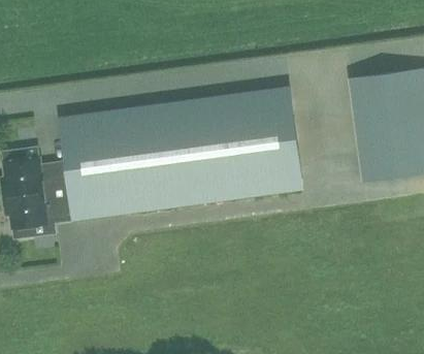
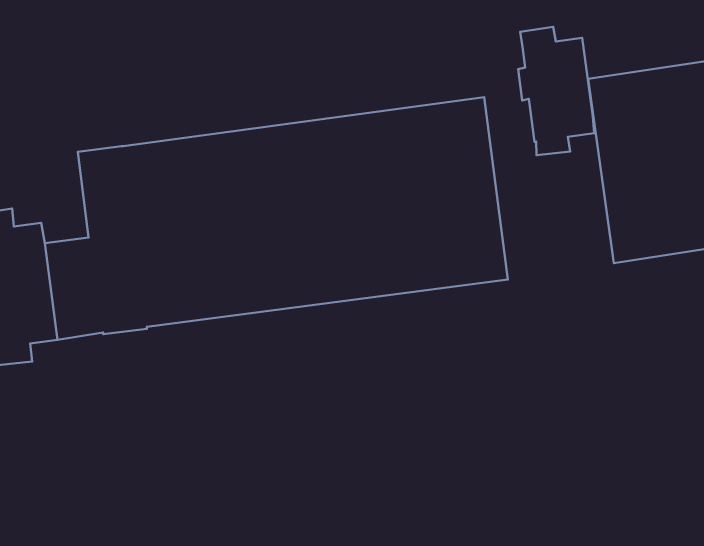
building: none -> [518,27,594,155]

